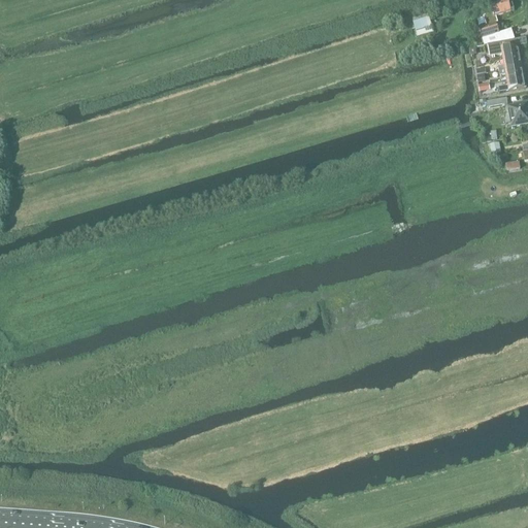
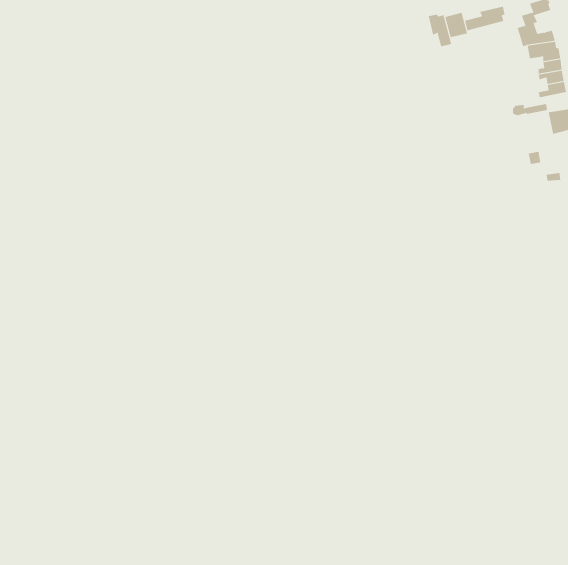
building: none -> [464,6,505,31]
building: none -> [428,14,452,47]

